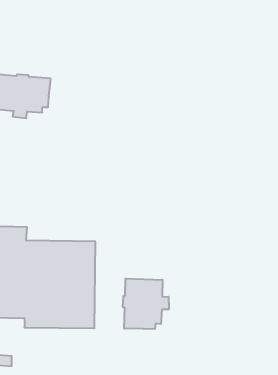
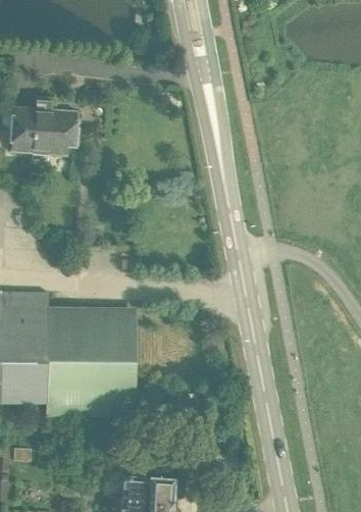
building: [123,278,169,329] -> none

